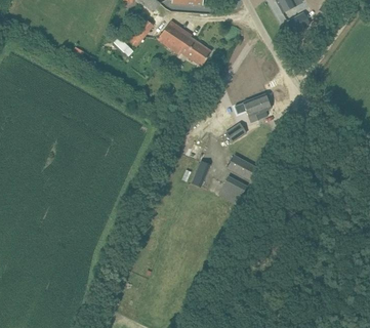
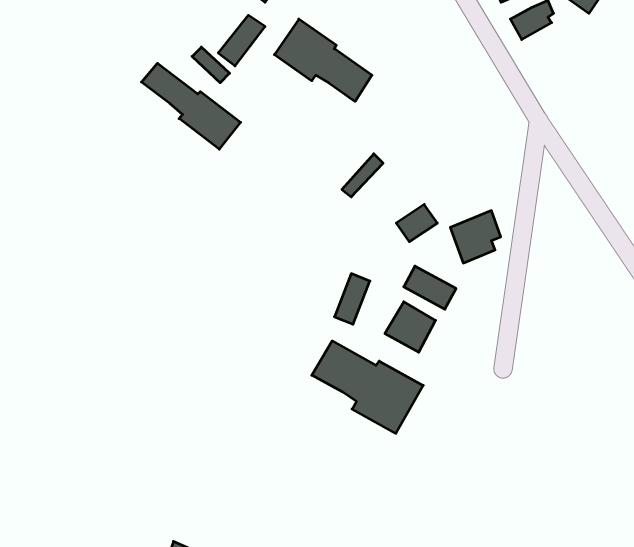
building: none -> [141,63,241,149]
building: [243,93,271,122] -> [450,211,501,263]
building: none -> [312,341,423,433]

